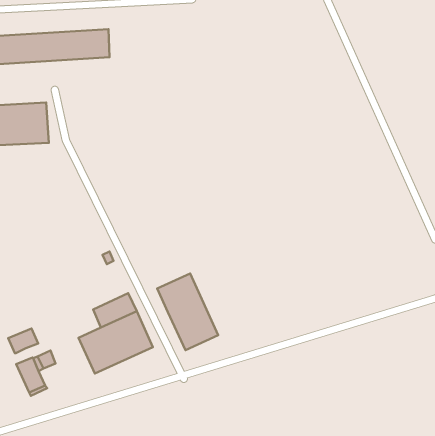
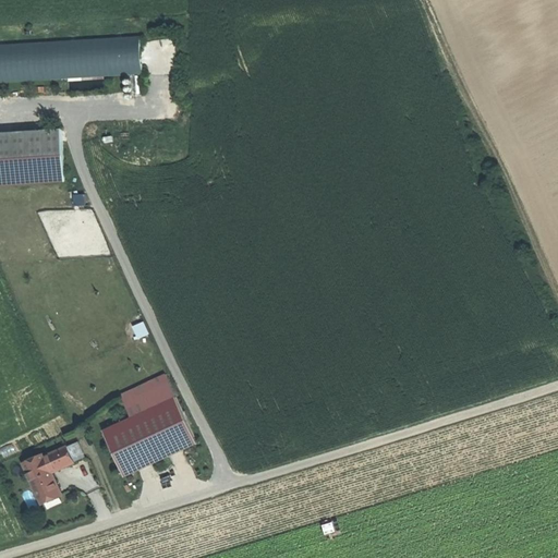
building: [157,273,218,350] -> none
building: [8,329,38,353] -> none

